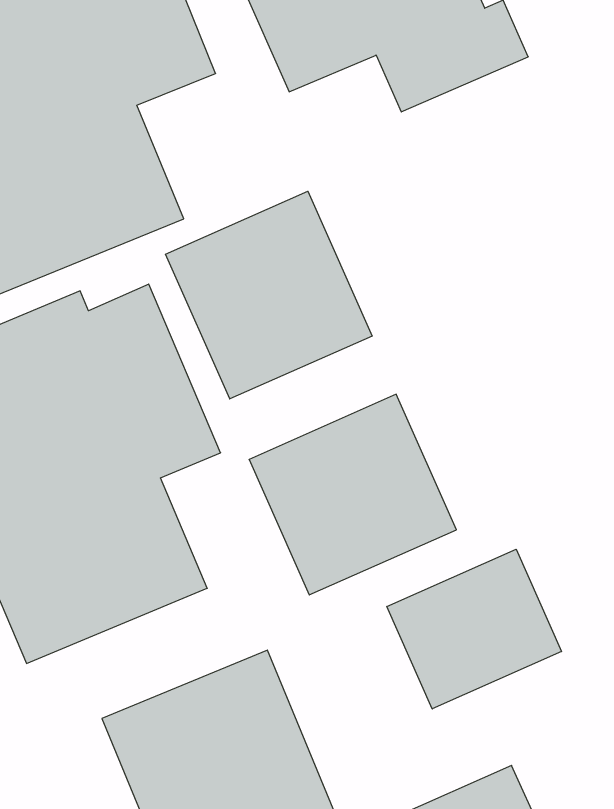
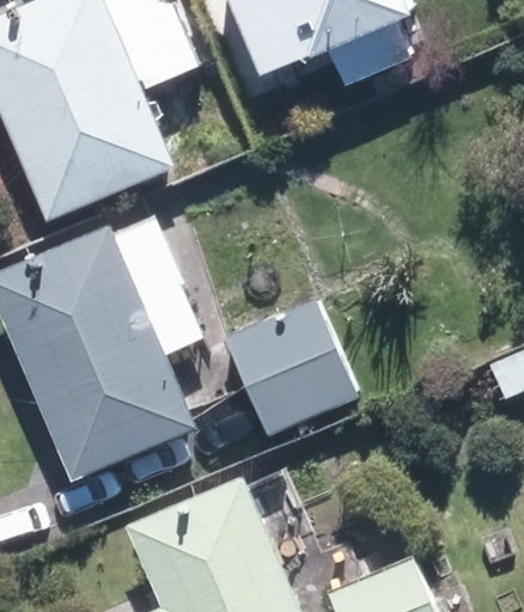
building: [166,191,372,399] -> none
building: [387,549,561,709] -> none

